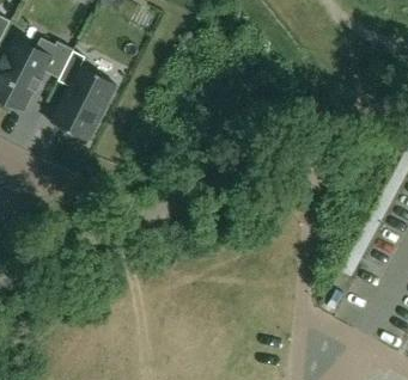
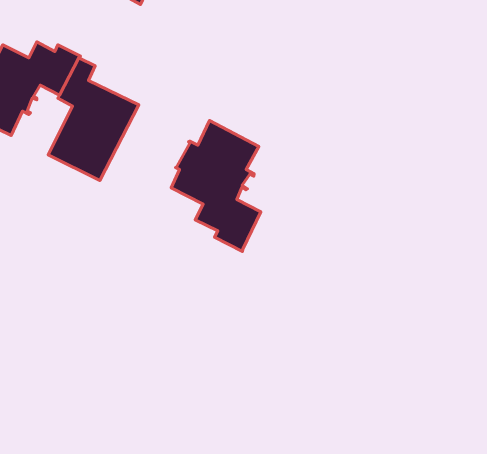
building: none -> [171,120,261,252]

